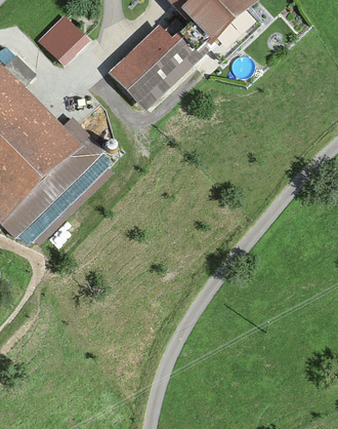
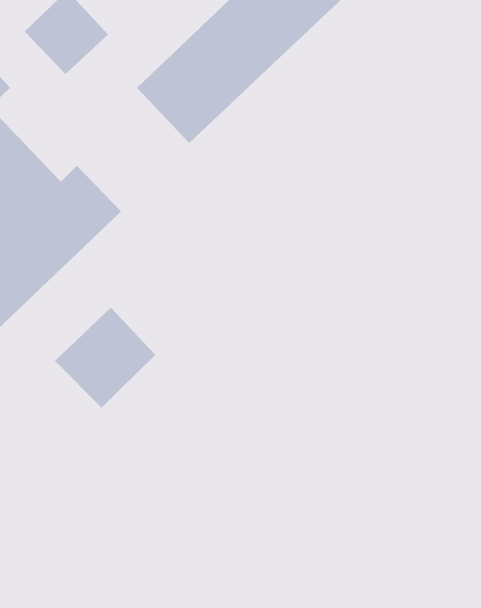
building: none -> [54,307,156,408]

